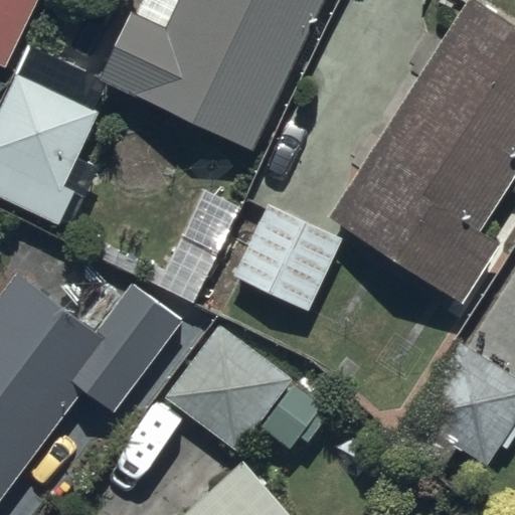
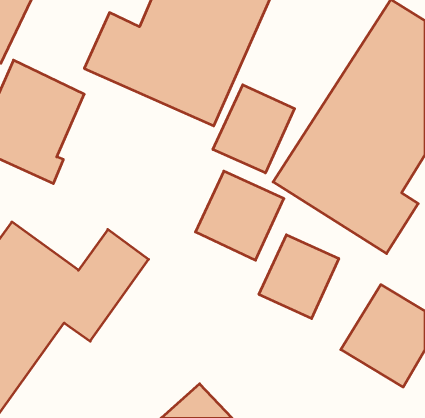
building: none -> [213,85,295,173]
building: none -> [259,235,339,319]
building: [163,322,335,453] -> none

